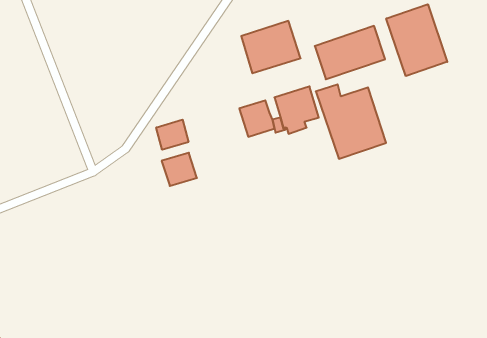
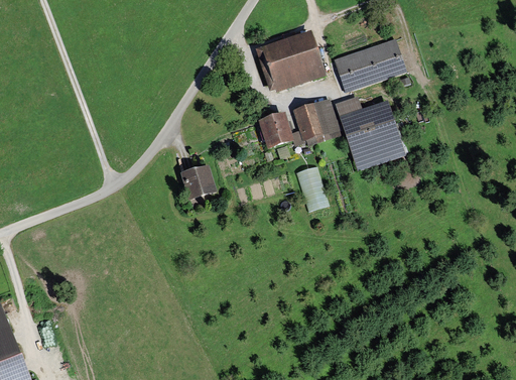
building: [386,4,447,76] -> none
building: [156,120,188,150] -> none
building: none -> [299,165,331,212]

